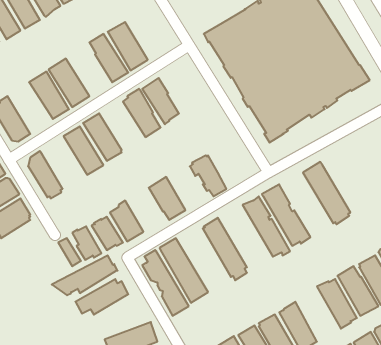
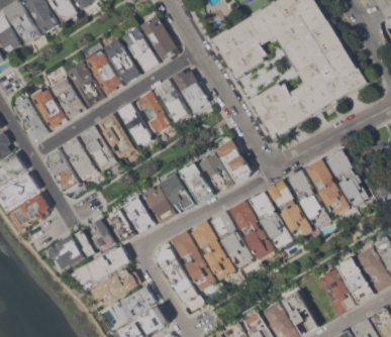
building: none -> [139,15,176,61]
building: none -> [85,50,122,95]
building: none -> [171,69,209,113]
building: none -> [30,86,66,130]
building: none -> [117,102,152,145]
building: none -> [63,137,97,181]
building: none -> [215,139,252,184]
building: none -> [324,149,368,207]
building: none -> [179,162,213,203]
building: none -> [286,168,330,227]
building: none -> [140,184,175,224]
building: none -> [228,200,273,260]
building: none -> [190,220,234,280]
building: none -> [47,234,84,270]
building: none -> [111,286,155,321]

